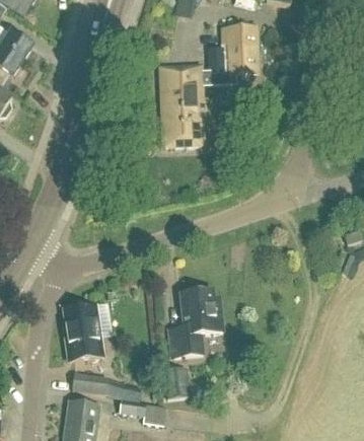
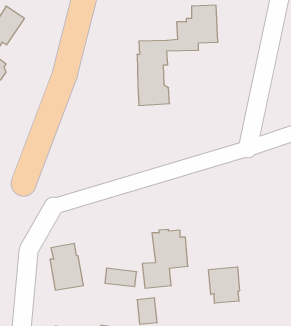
building: none -> [209,267,239,303]
building: [72,371,108,392] -> [105,268,137,287]

